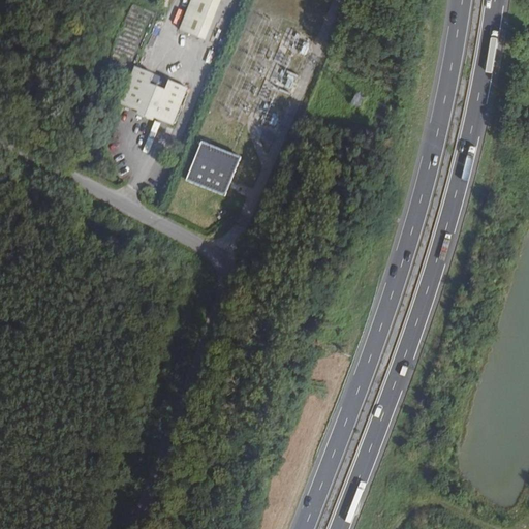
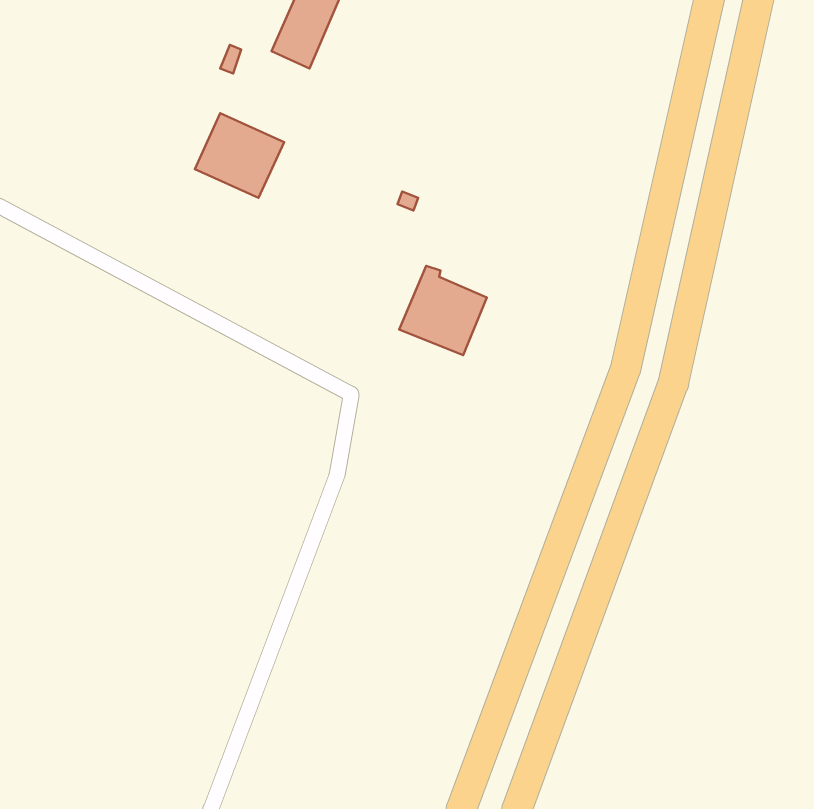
building: [186,134,243,192] -> [399,266,487,355]

